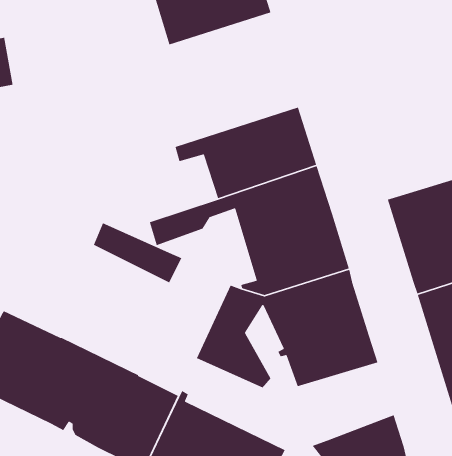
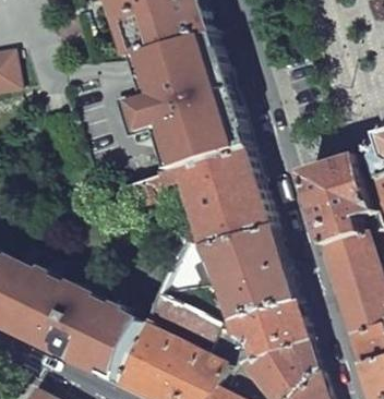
building: none -> [123,32,230,134]
building: [93,222,182,284] -> [144,297,213,343]
building: none -> [229,300,303,359]

